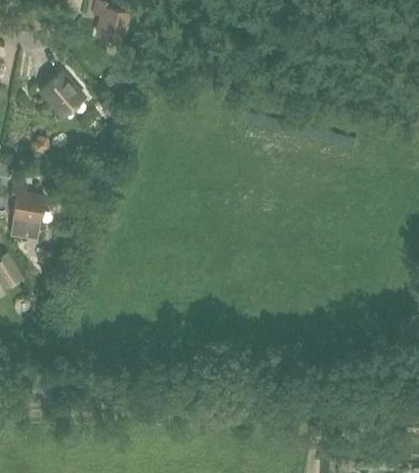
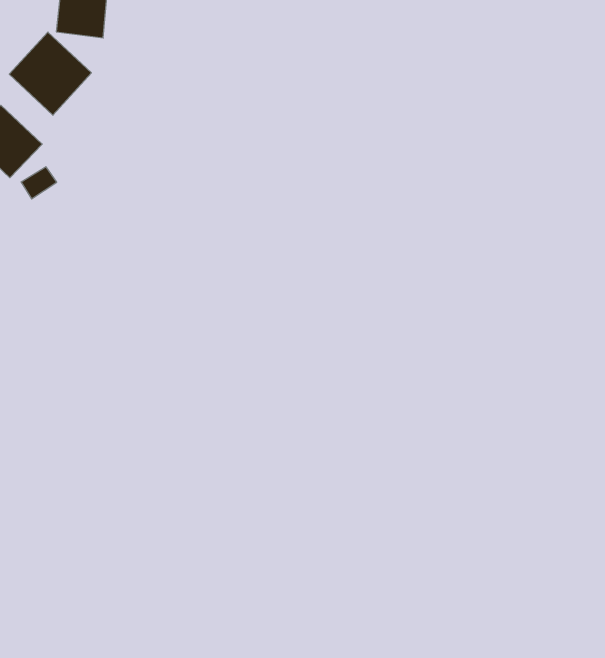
building: none -> [9,32,91,115]

